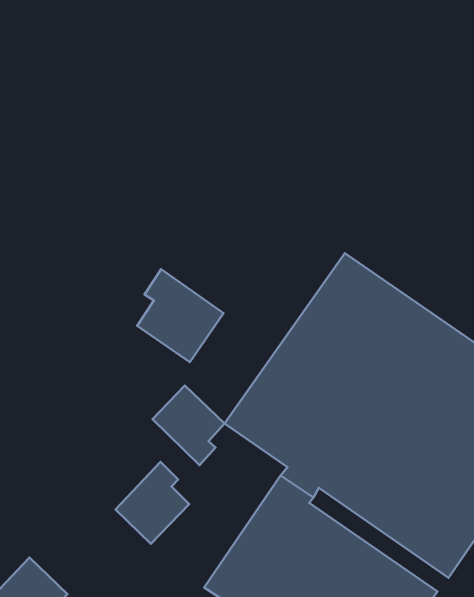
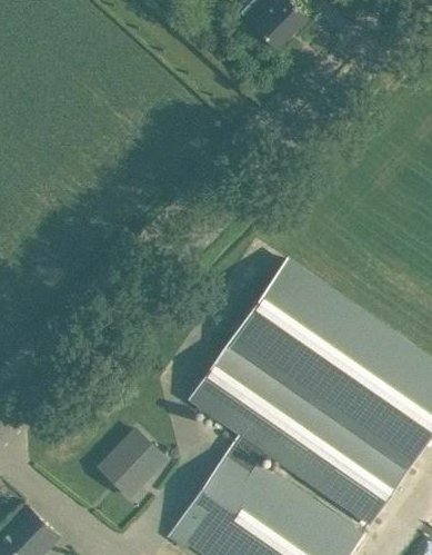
building: [137,269,224,362] -> none
building: [153,385,225,465] -> none

